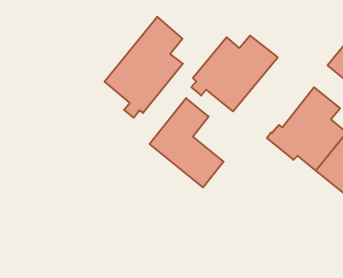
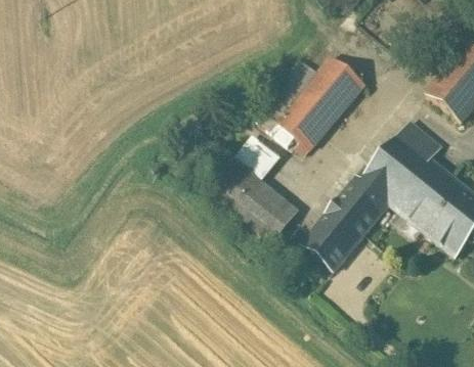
building: [105,17,183,118] -> none
building: none -> [301,183,385,272]

